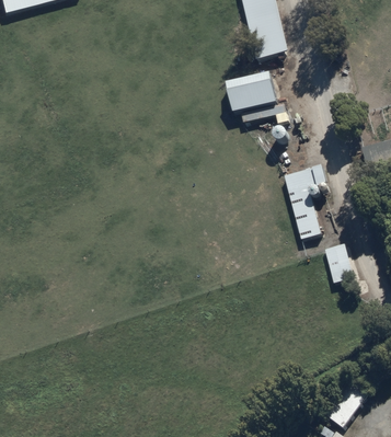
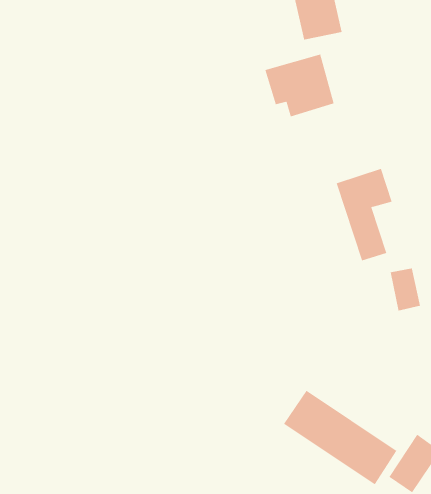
building: none -> [283,390,397,485]

